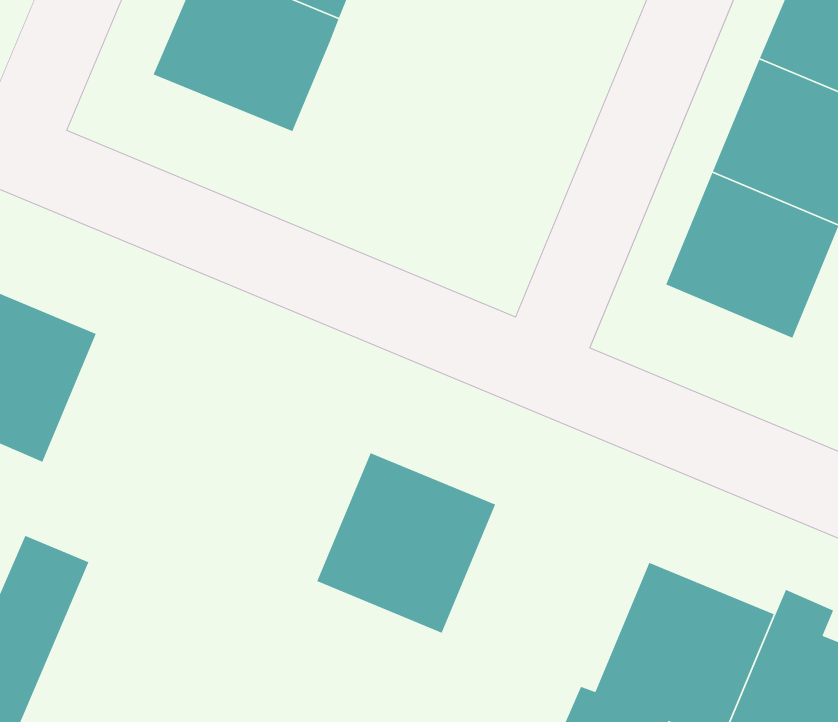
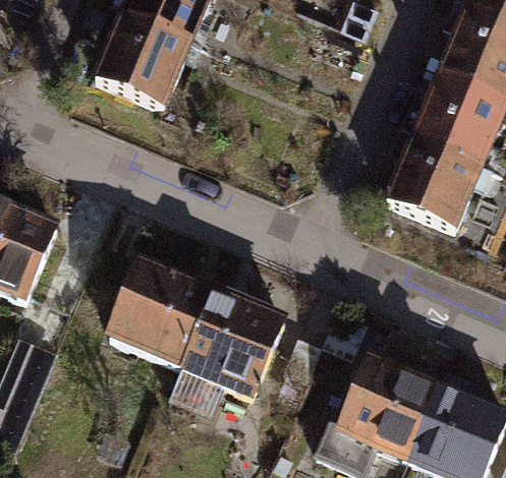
building: none -> [110,263,212,366]

